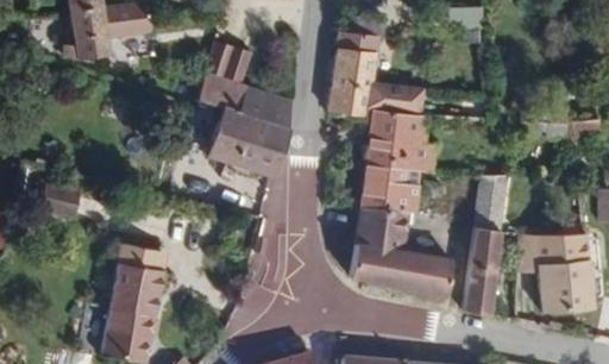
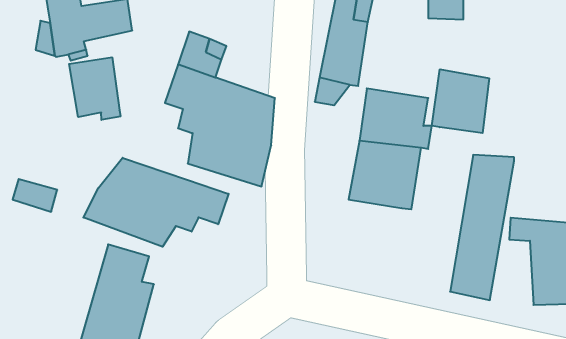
building: none -> [69,57,120,120]
building: none -> [432,69,489,133]
building: none -> [83,158,229,247]
building: [353,201,451,287] -> none

